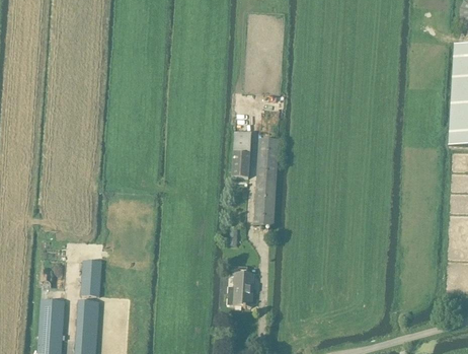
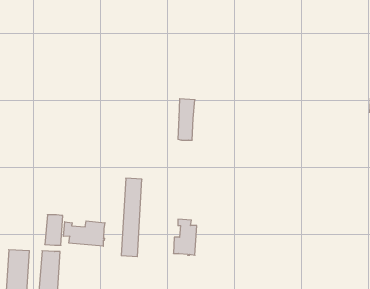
building: [254,136,278,224] -> [121,178,142,257]
building: none -> [64,221,105,246]

